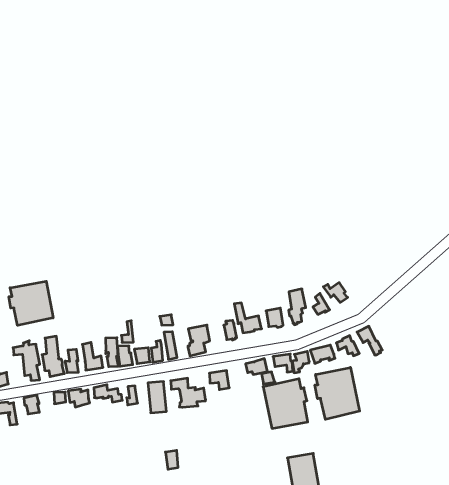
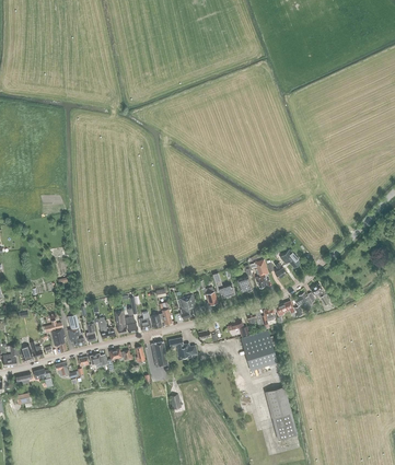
building: [9,281,53,325] -> none
building: [315,367,360,419] -> none

